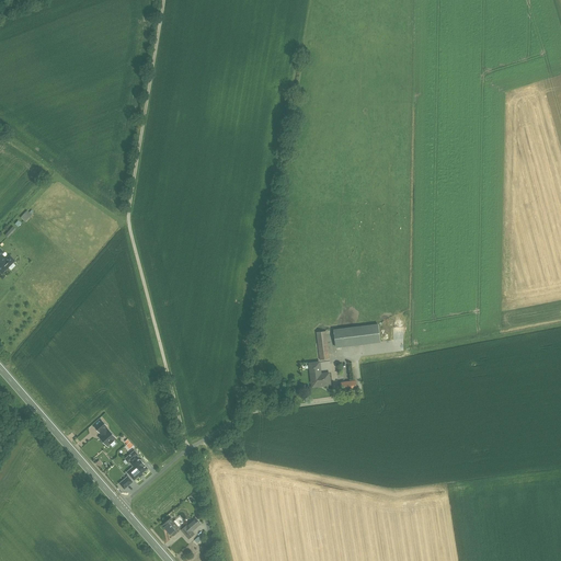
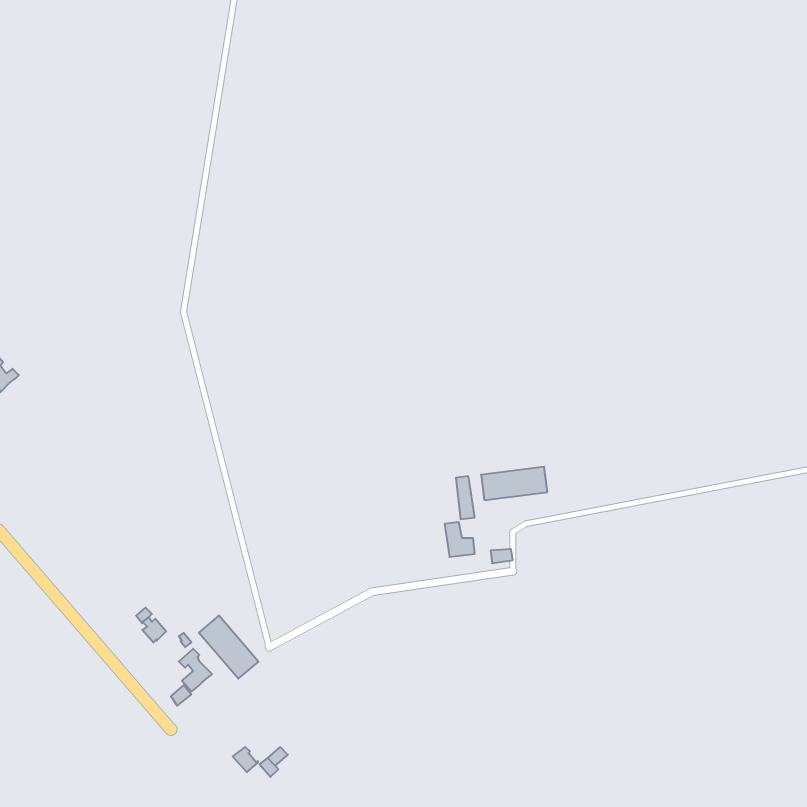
building: none -> [199,615,258,679]

